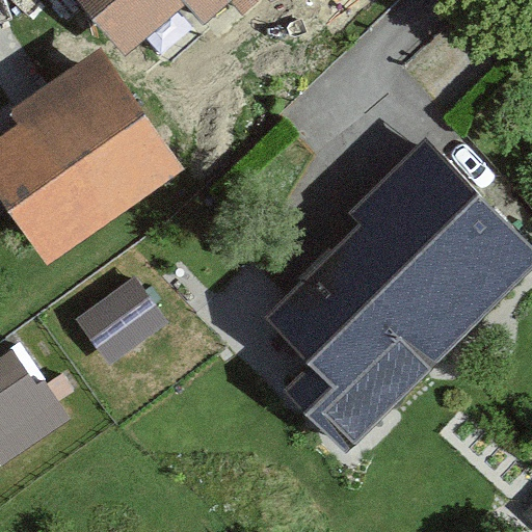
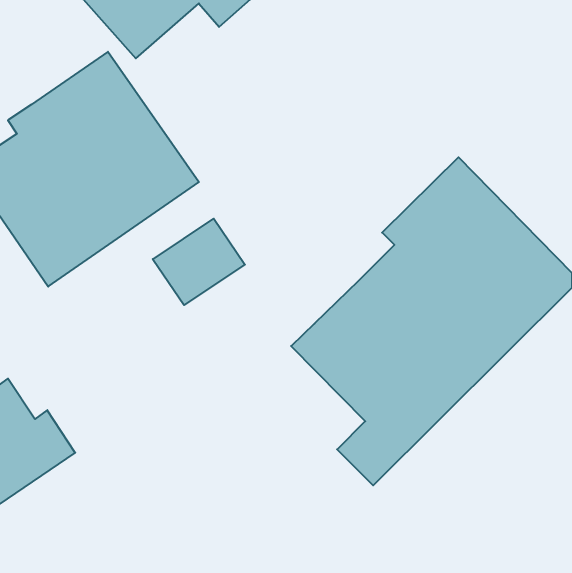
building: [77,281,162,361] -> [153,219,245,305]

